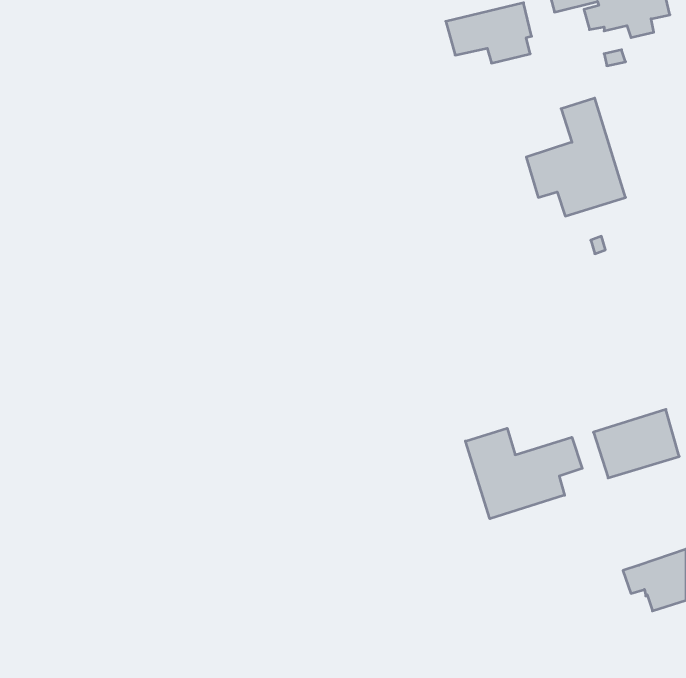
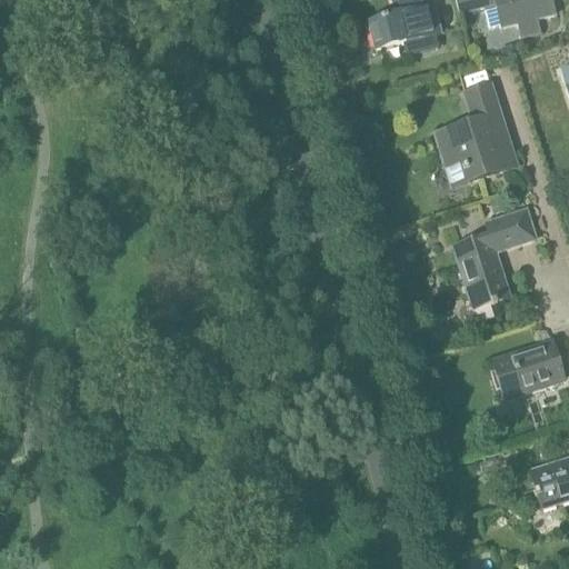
building: none -> [451,208,533,307]
building: [465,428,582,519] -> none

